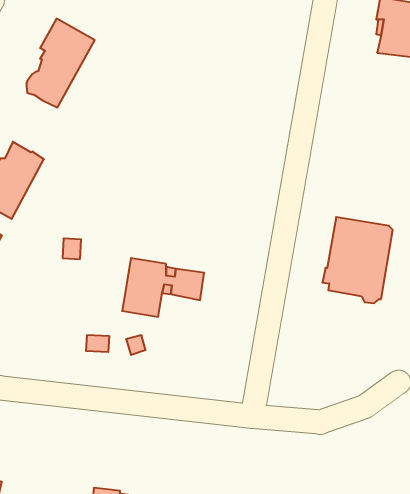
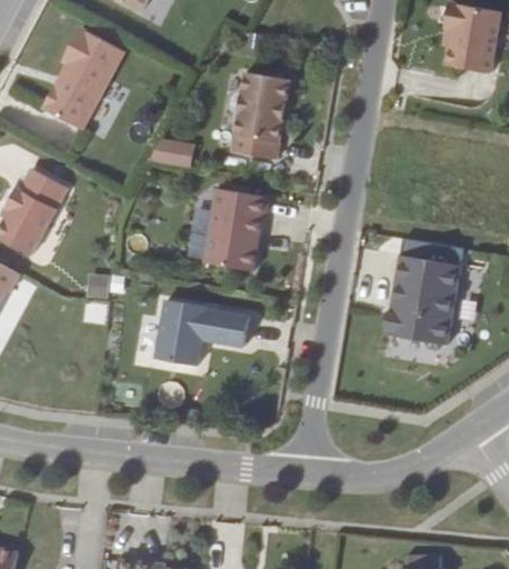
building: none -> [231,72,290,159]
building: none -> [151,139,196,171]
building: none -> [204,188,269,270]

